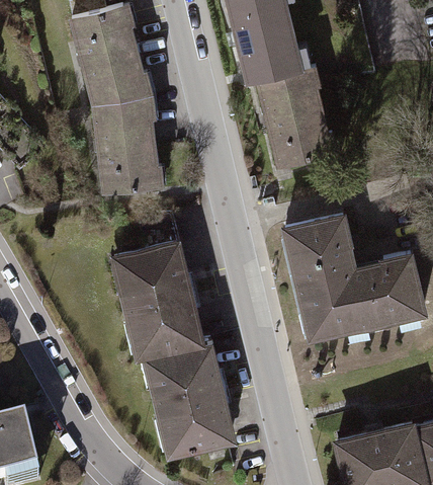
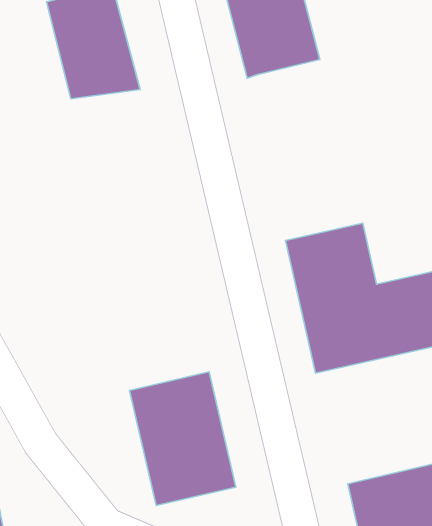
building: [254,66,336,169] -> none
building: [90,94,161,193] -> none
building: [108,238,202,360] -> none

